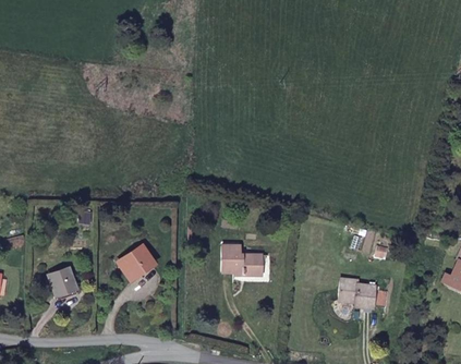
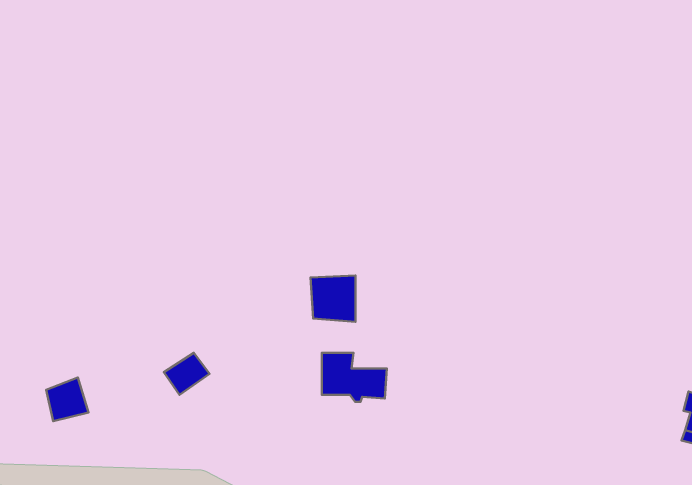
building: none -> [310,275,355,322]
building: [337,286,376,318] -> none

